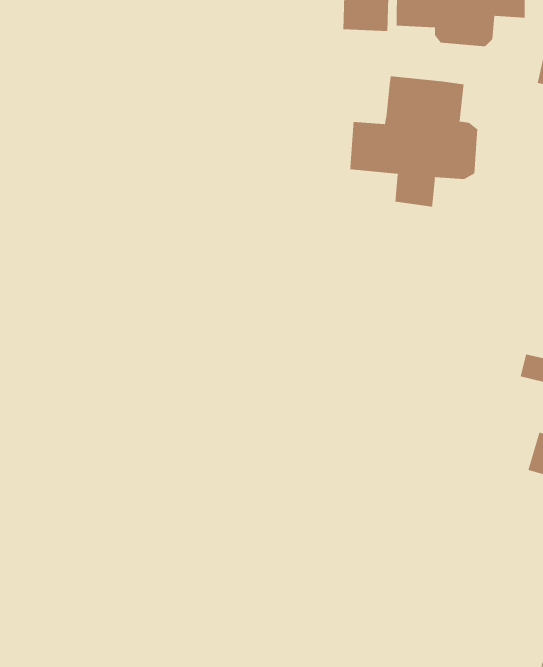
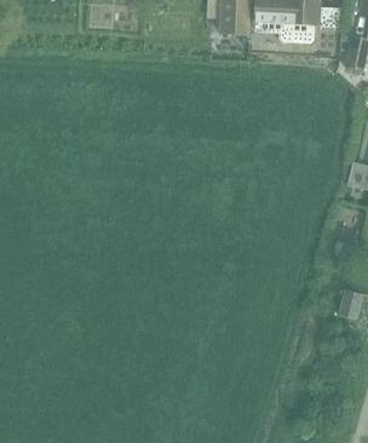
building: [350,76,478,207] -> none

